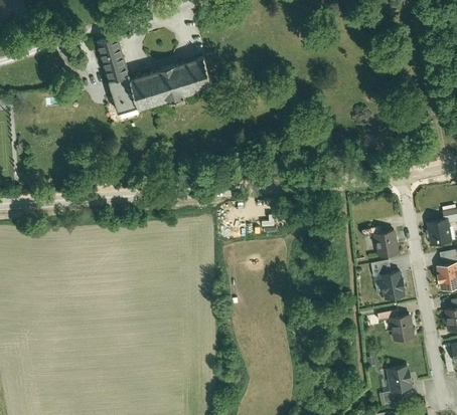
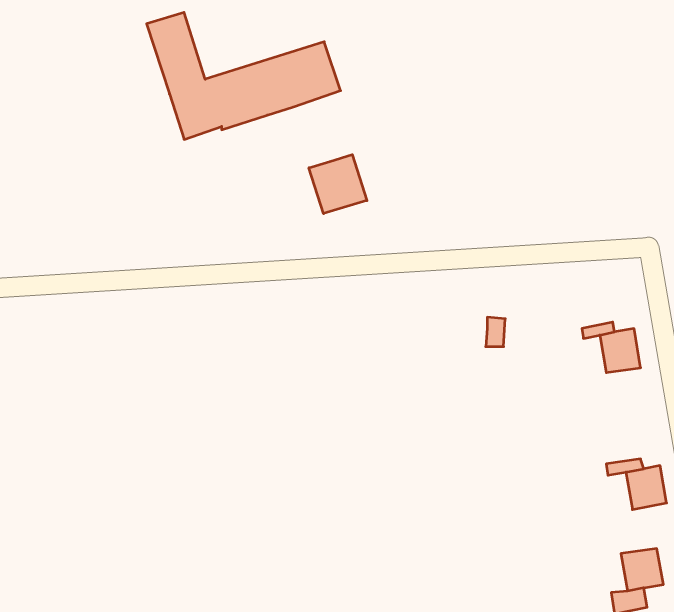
building: none -> [309,155,367,214]
building: [383,271,406,298] -> none

